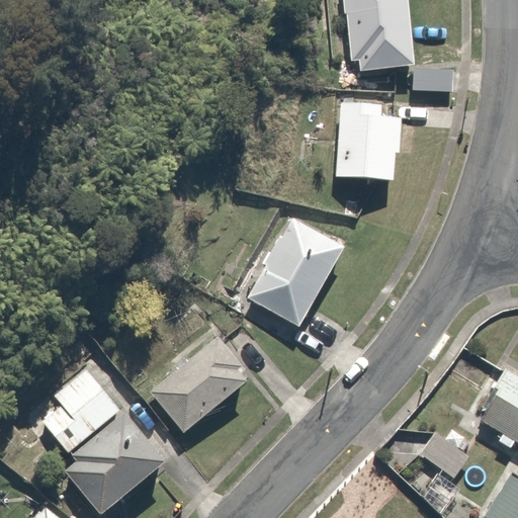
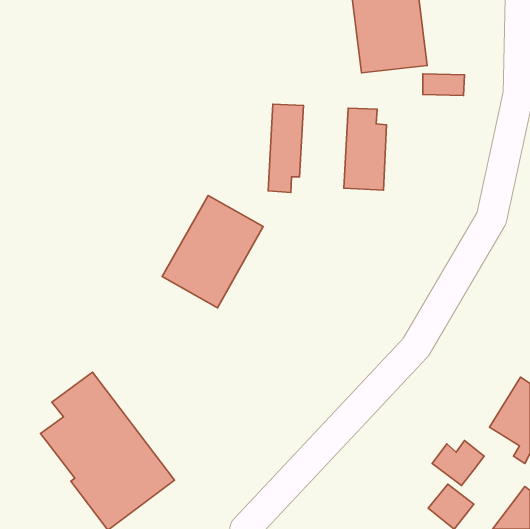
building: none -> [268,104,303,193]
building: [247,218,345,327] -> [162,195,263,308]
building: [151,342,248,432] -> none

